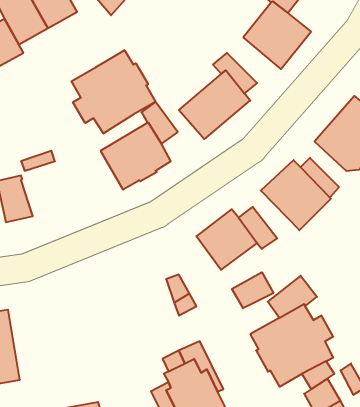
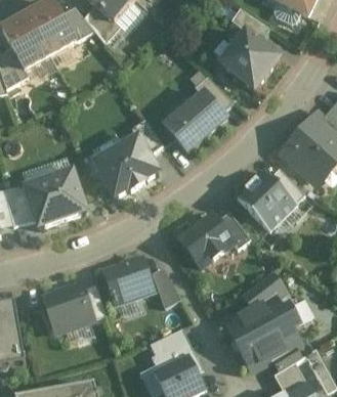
building: [71,50,156,134] -> none
building: none -> [25,171,84,226]
building: none -> [102,257,152,302]
building: [232,272,273,308] -> none
building: none -> [41,282,93,333]

